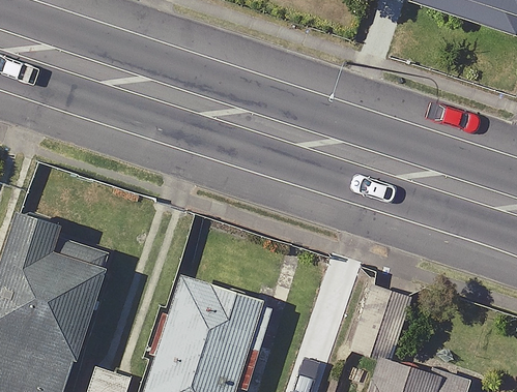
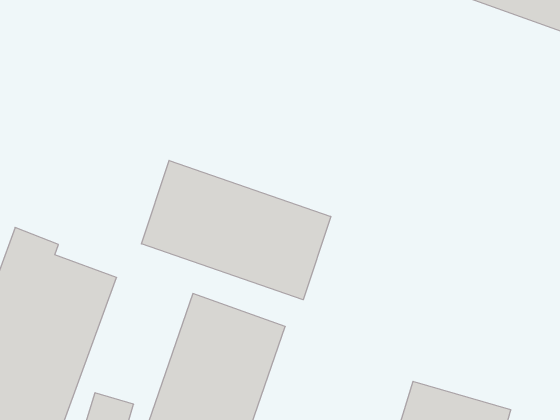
building: none -> [141,160,331,300]

